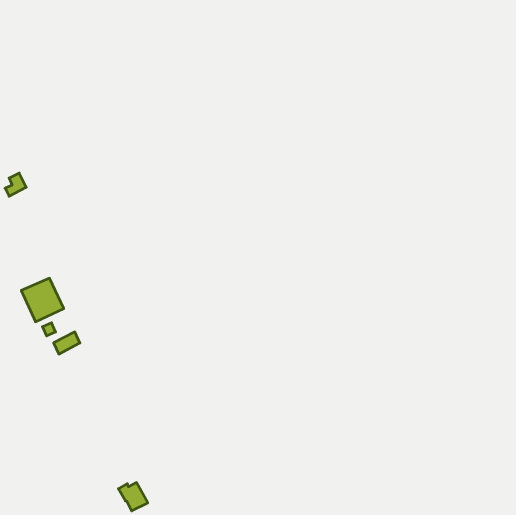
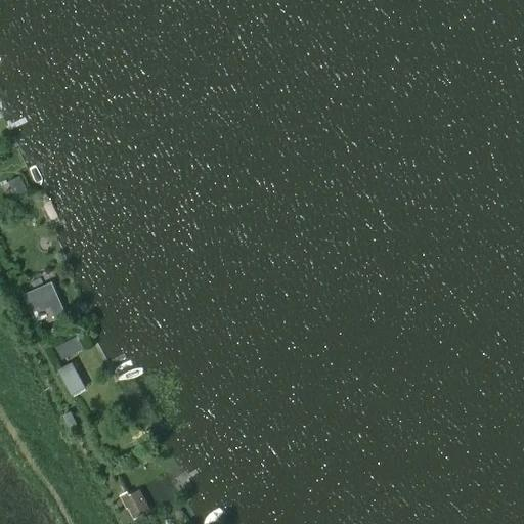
building: none -> [56,361,86,397]

